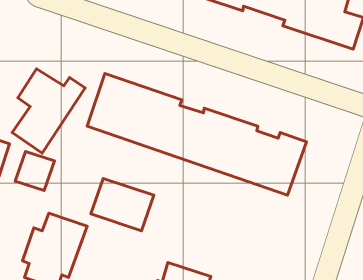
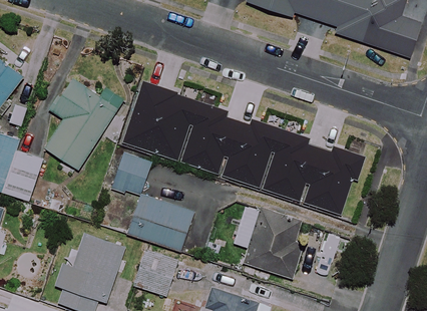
building: [15,151,54,191] -> [111,152,153,195]
building: none -> [246,211,303,277]
building: none -> [133,250,177,296]

